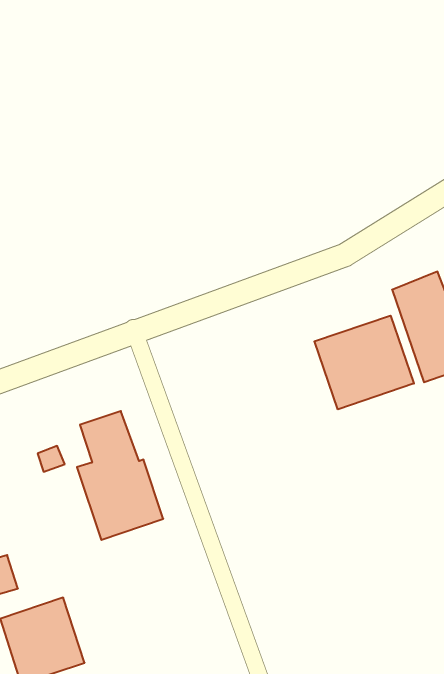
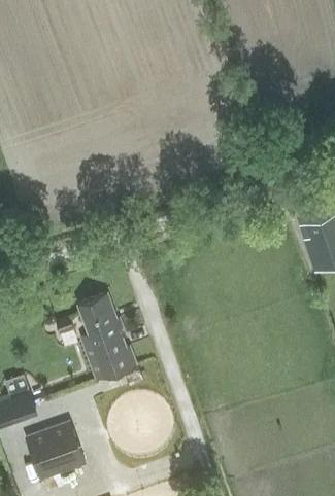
building: [314,316,414,409] -> none

